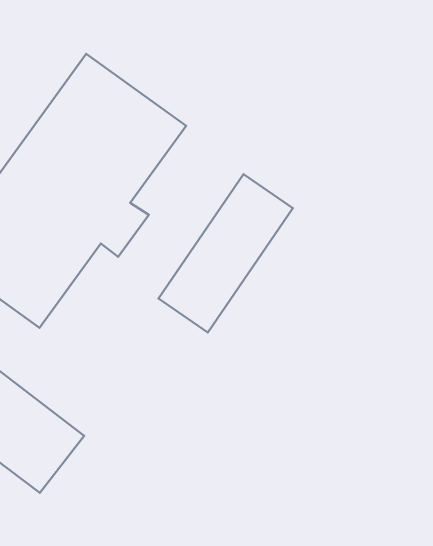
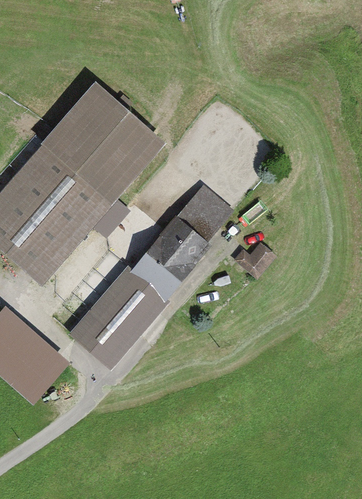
building: none -> [234,240,277,277]
building: none -> [67,263,167,367]

